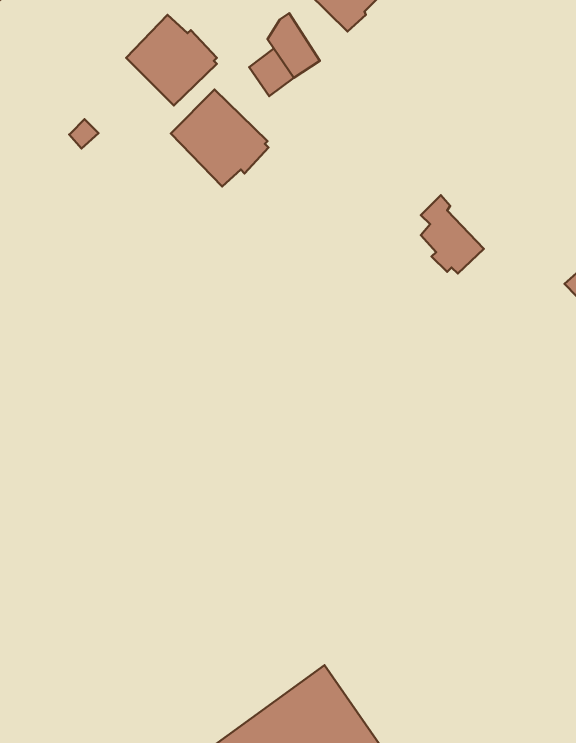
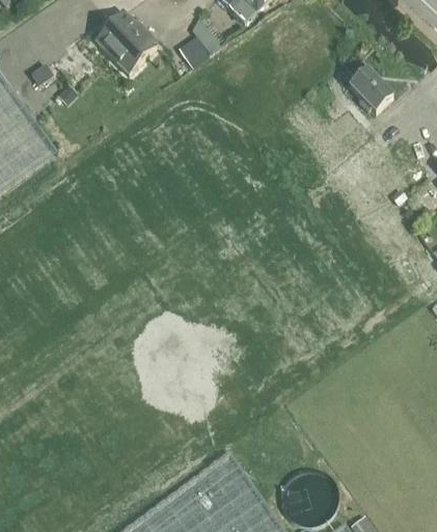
building: [171,90,268,186] -> none
building: [421,195,484,274] -> [351,61,393,114]

